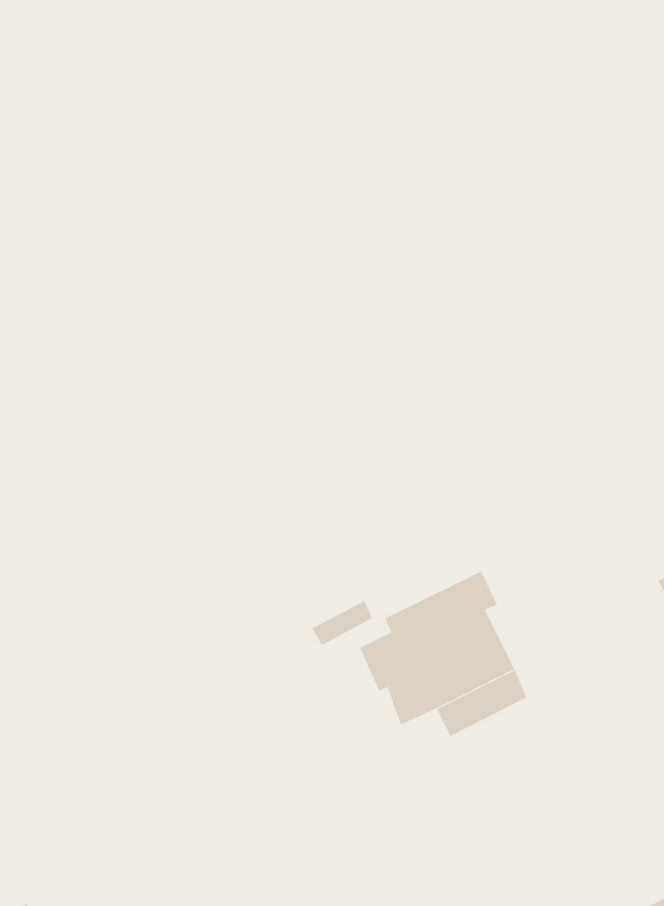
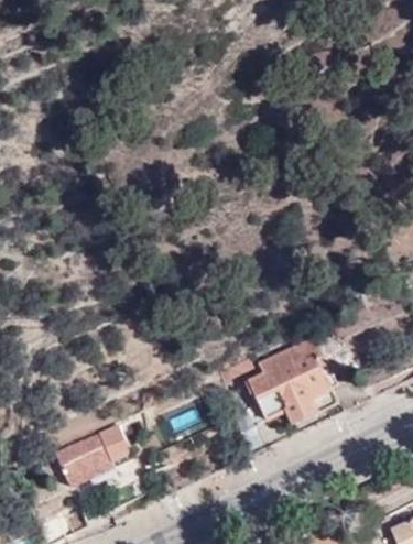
building: none -> [53,426,127,489]

